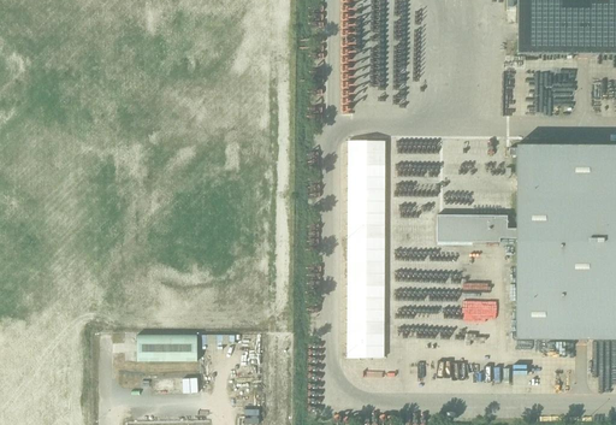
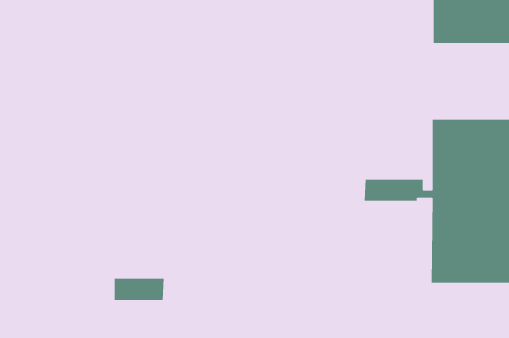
building: [346,138,386,355] -> none

